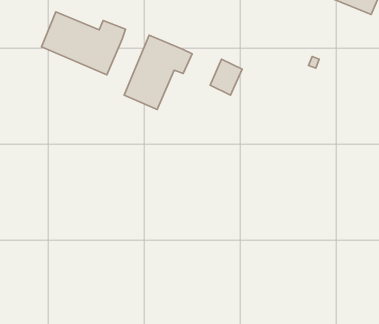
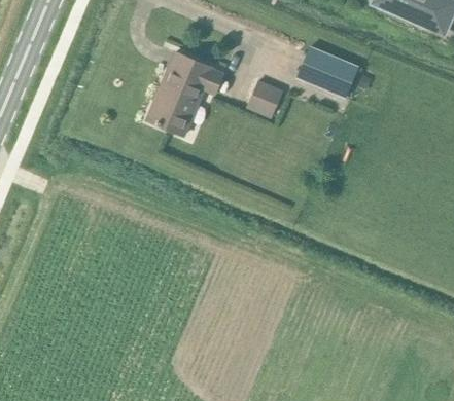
building: [41,12,125,75] -> none
building: none -> [296,47,358,99]

